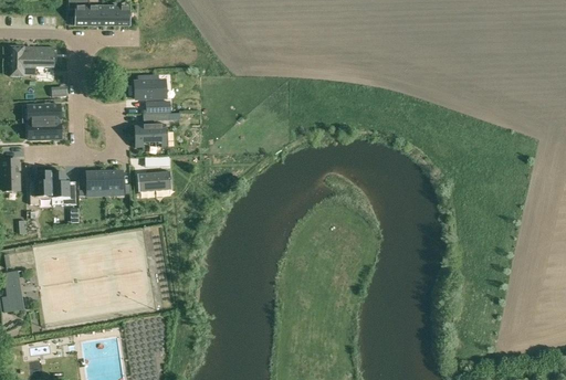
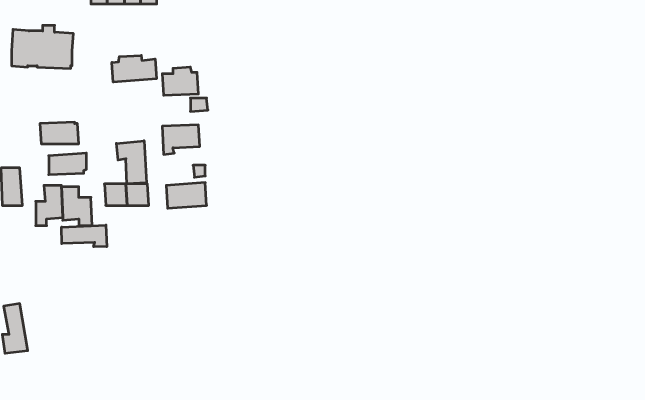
building: none -> [112,55,156,82]
building: [33,104,64,122] -> [49,153,86,175]
building: none -> [116,141,146,184]
building: none -> [62,225,107,247]

